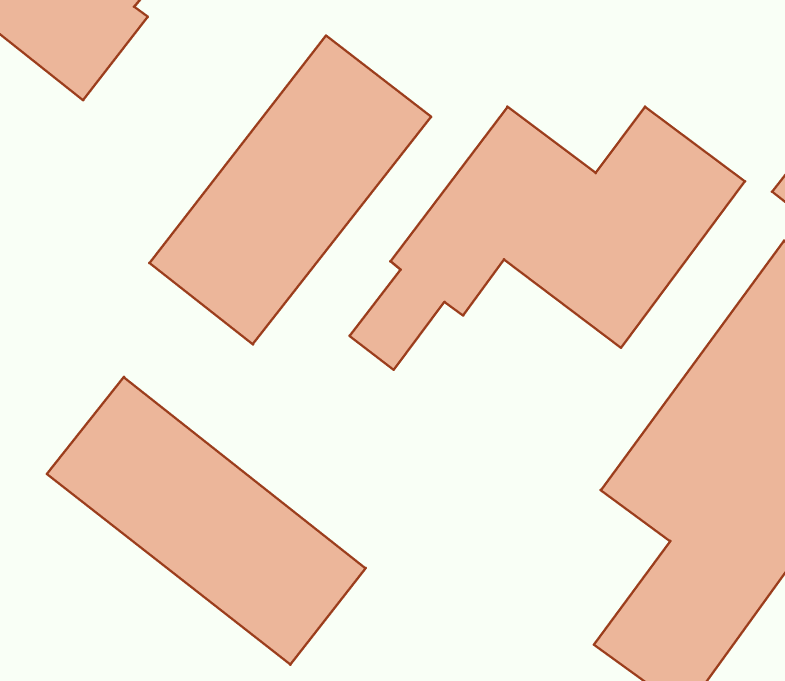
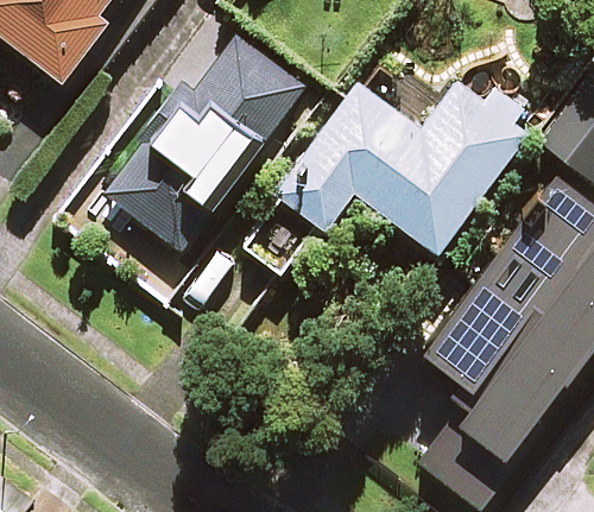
building: [47,377,366,665] -> none

